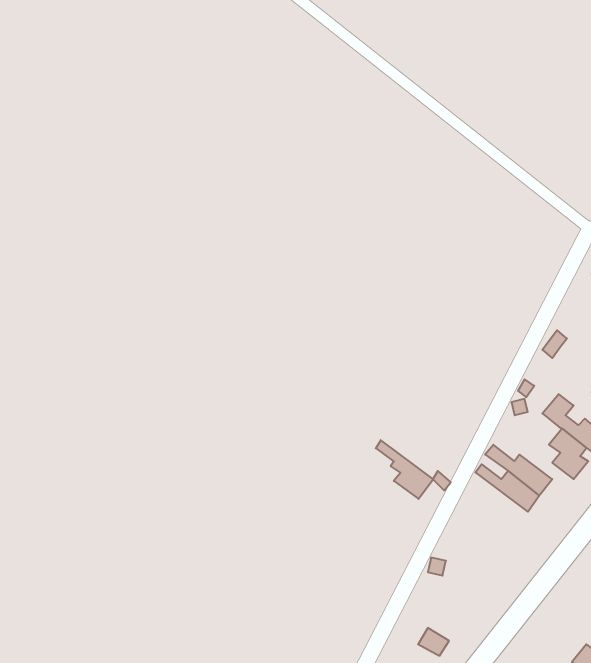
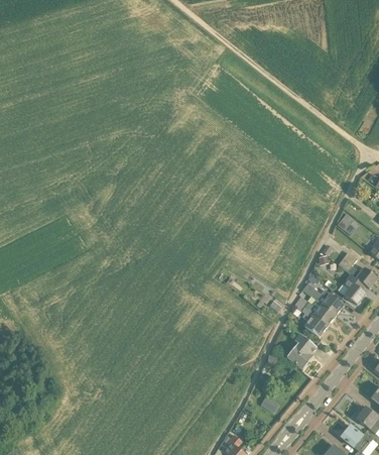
building: [376,440,433,499] -> [293,300,329,336]
building: none -> [286,333,317,368]

